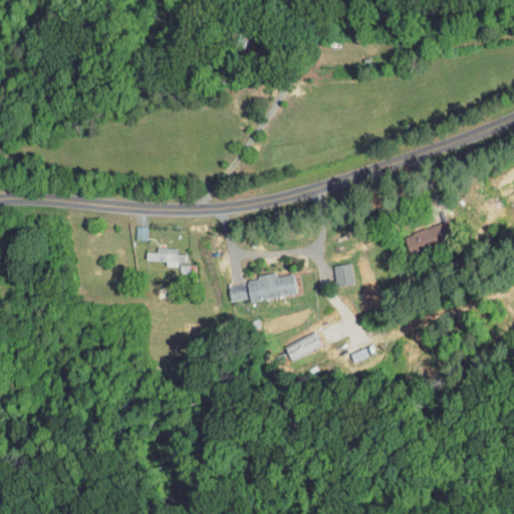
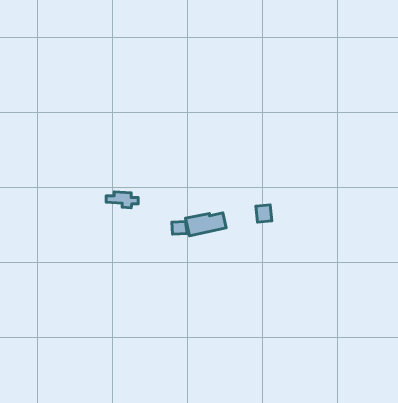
building: [404,224,451,255] -> none
building: [285,334,321,360] -> none

